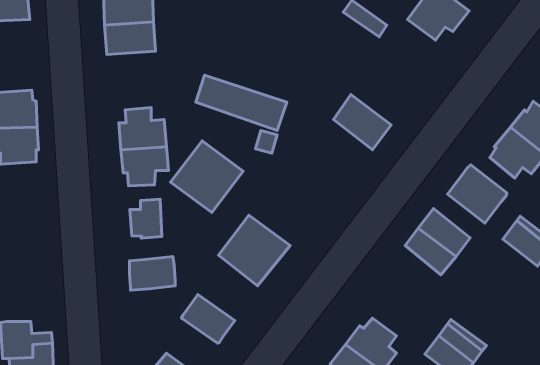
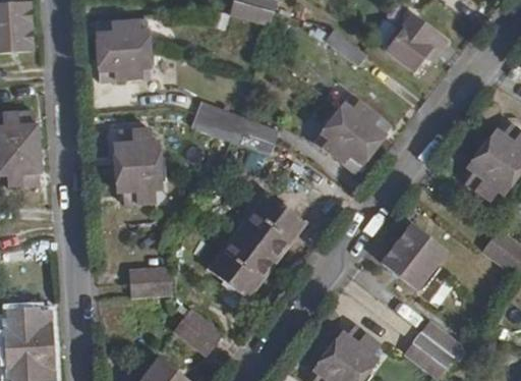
building: none -> [333,97,388,147]
building: [171,141,243,212] -> [237,193,305,260]
building: [447,165,507,223] -> none
building: [130,199,162,238] -> none
building: none -> [9,310,52,342]

